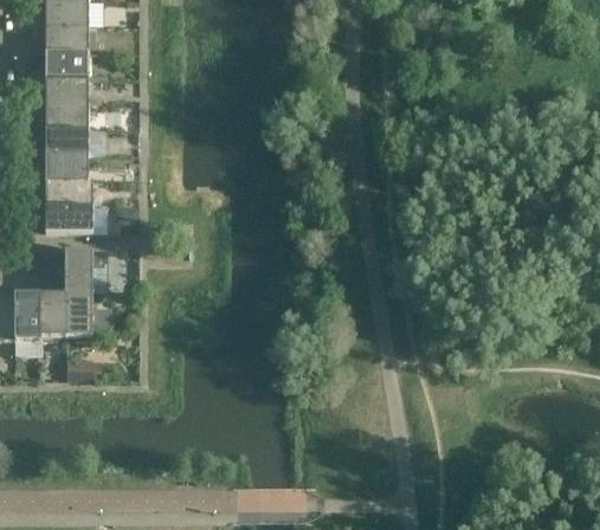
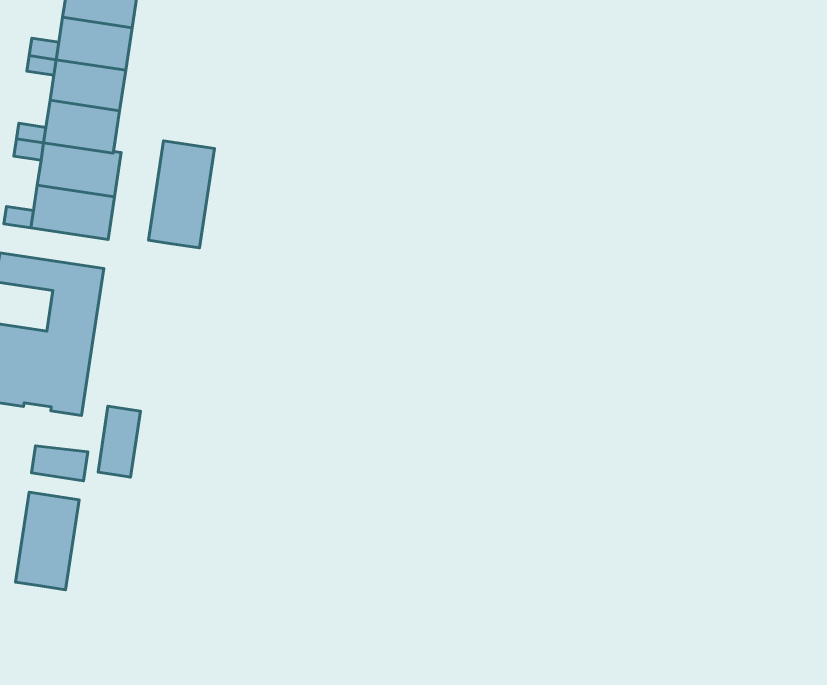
building: none -> [149,141,215,248]
building: none -> [98,406,140,477]
building: none -> [16,492,79,590]

